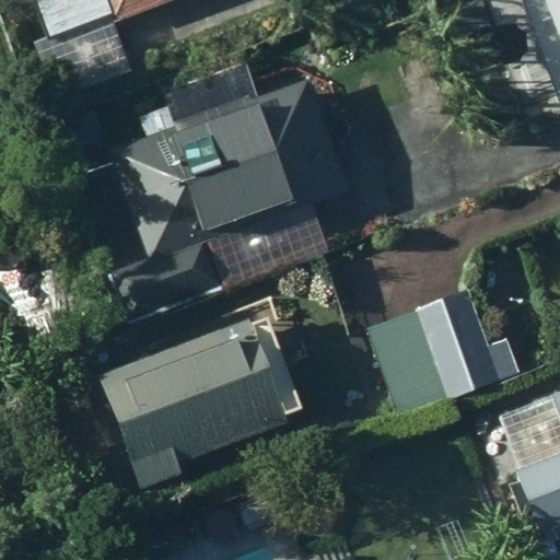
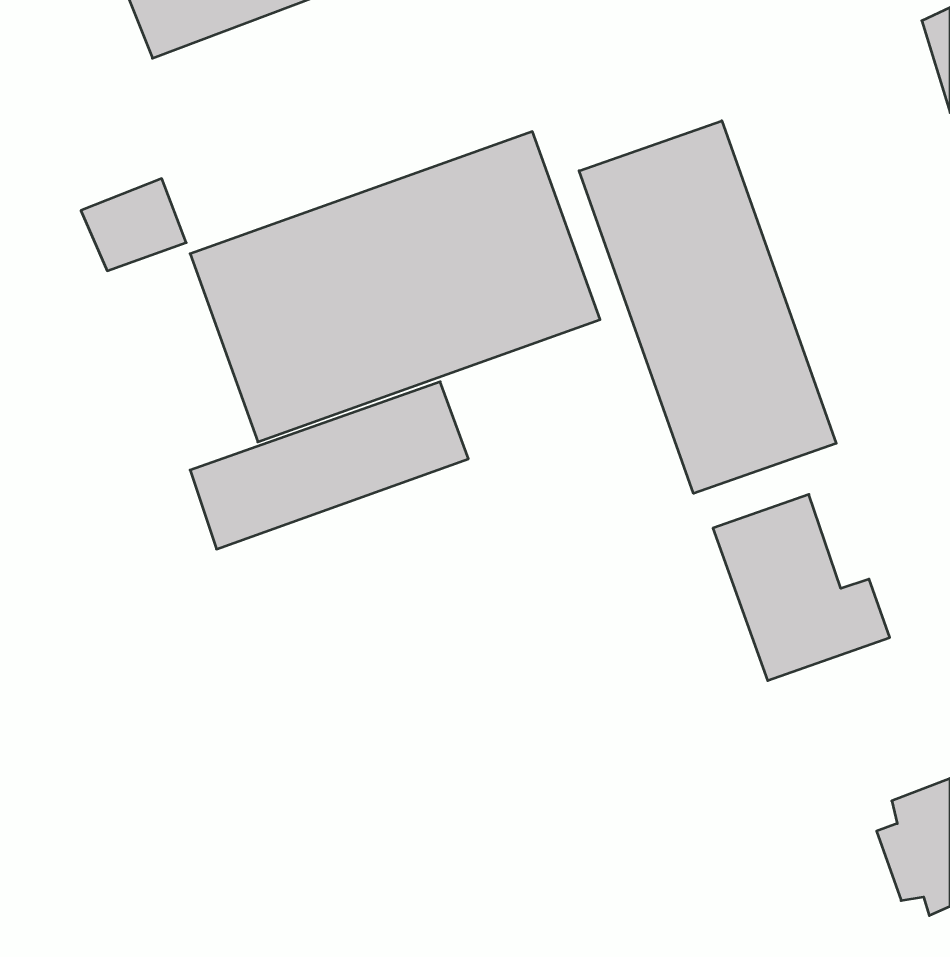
building: none -> [579,121,836,493]
building: [93,311,293,489] -> none

